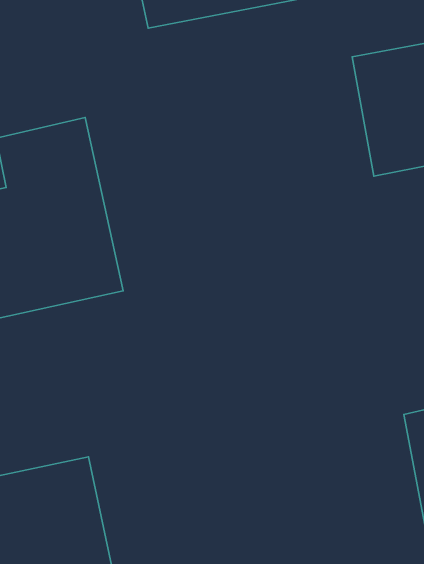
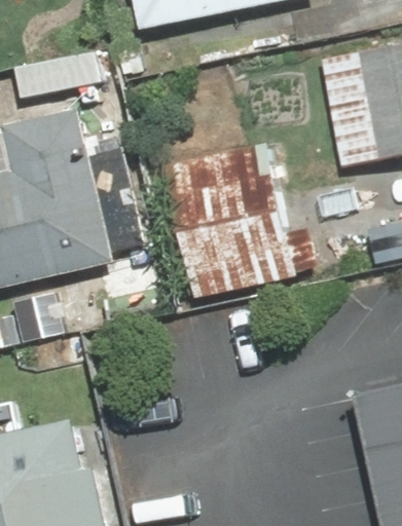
building: none -> [162,142,299,299]

